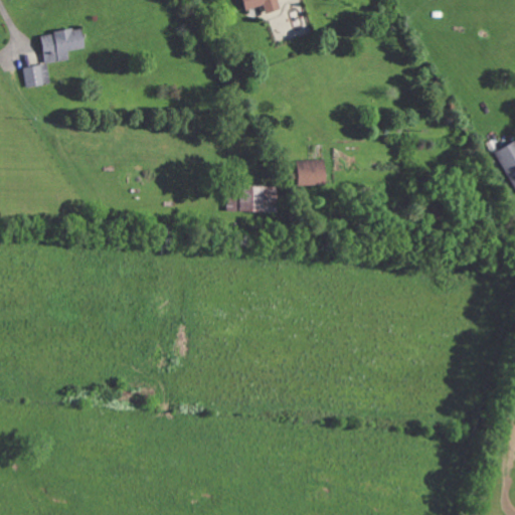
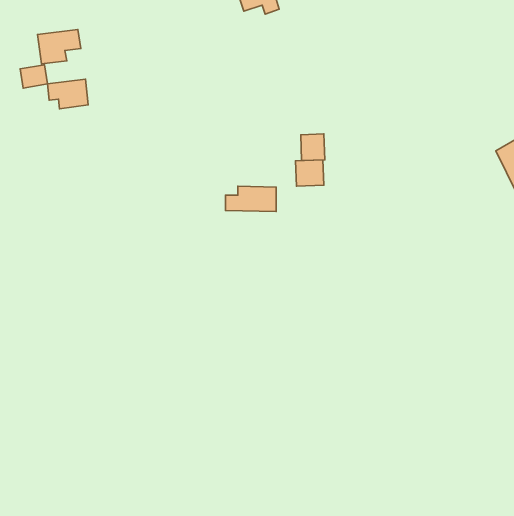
building: none -> [48,79,88,109]
building: none -> [301,134,325,161]

